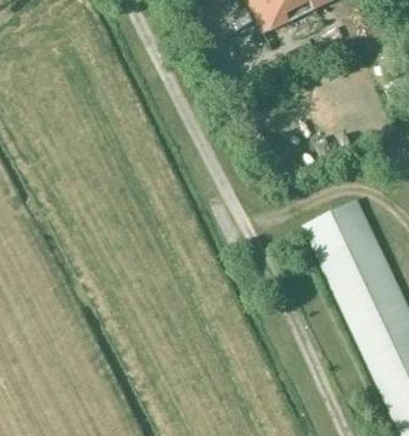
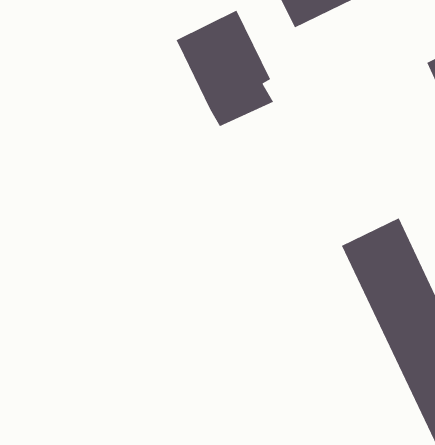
building: none -> [176,10,274,127]

